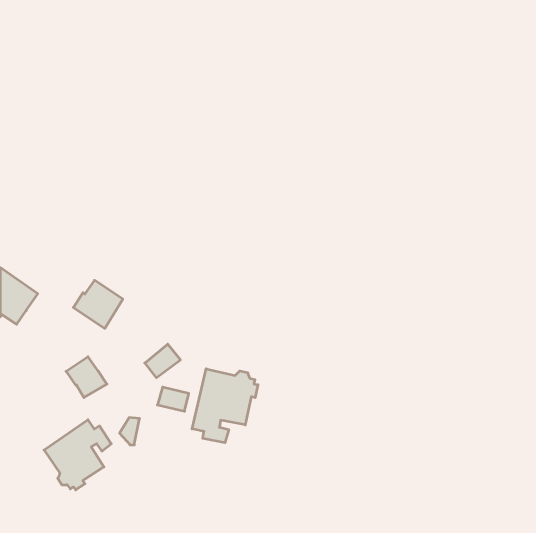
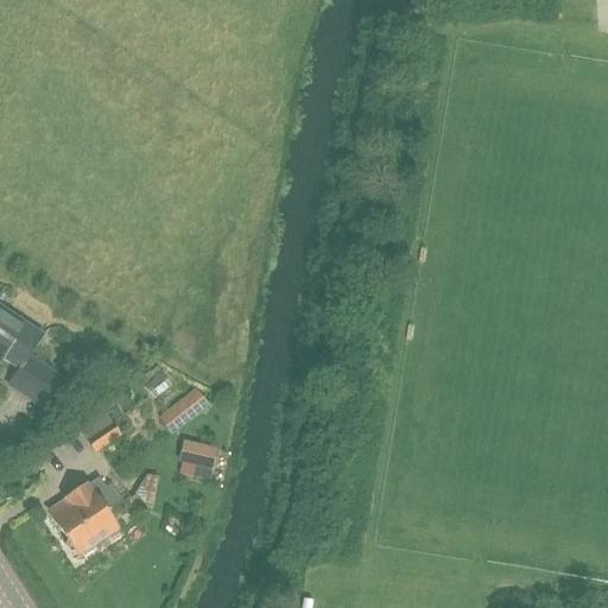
building: [73,280,123,328] -> [6,352,62,406]
building: [192,369,258,443] -> none

